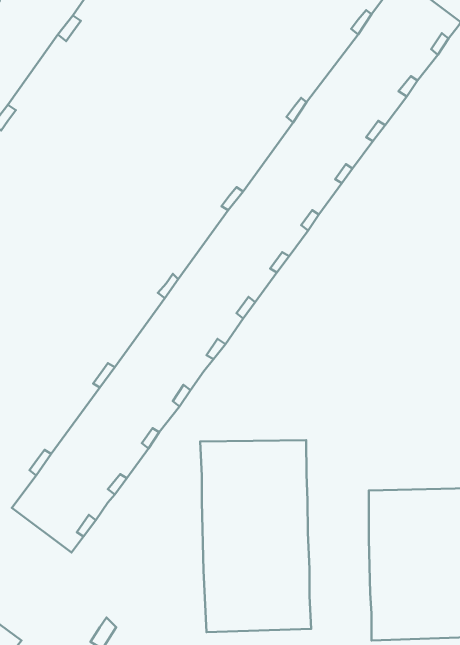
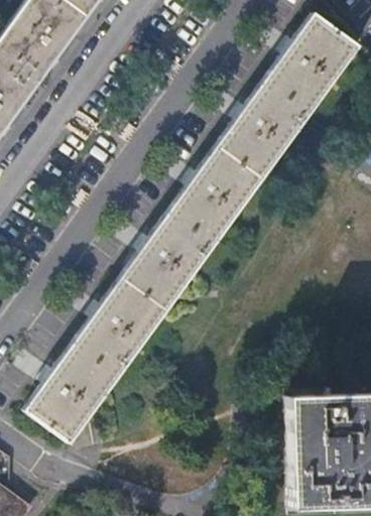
building: [200,440,311,632] -> none

